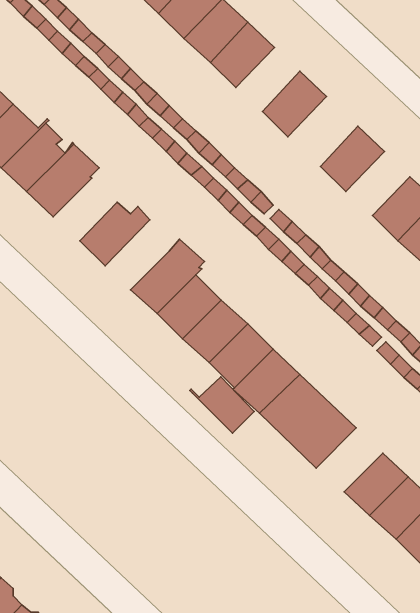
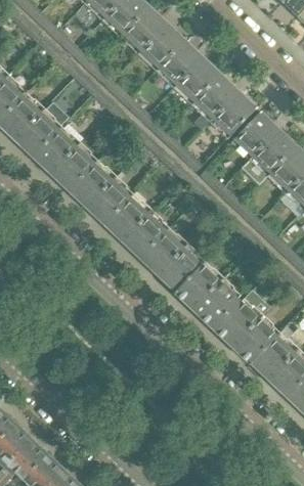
building: none -> [176,57,220,101]
building: none -> [212,91,256,136]
building: none -> [252,129,296,173]
building: none -> [50,147,94,190]
building: none -> [86,176,130,224]
building: [190,377,254,433] -> none
building: none -> [231,319,277,364]

